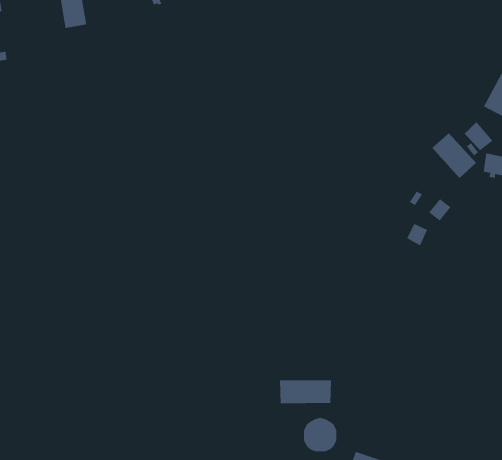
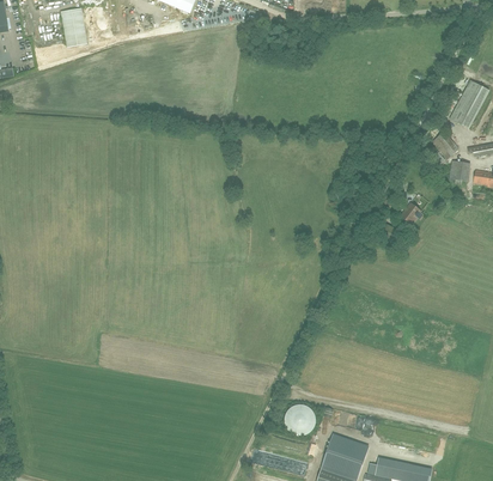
building: [431,133,477,179] -> none
building: [279,379,332,404] -> none

